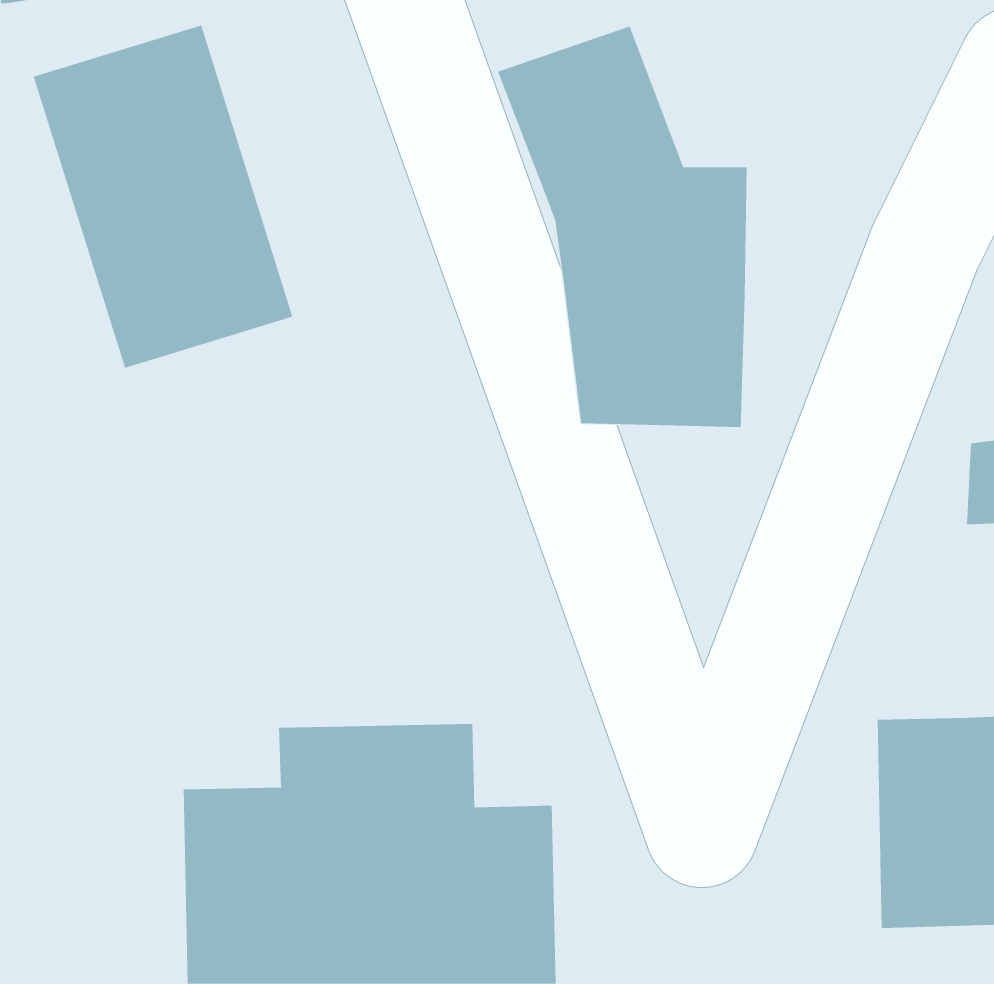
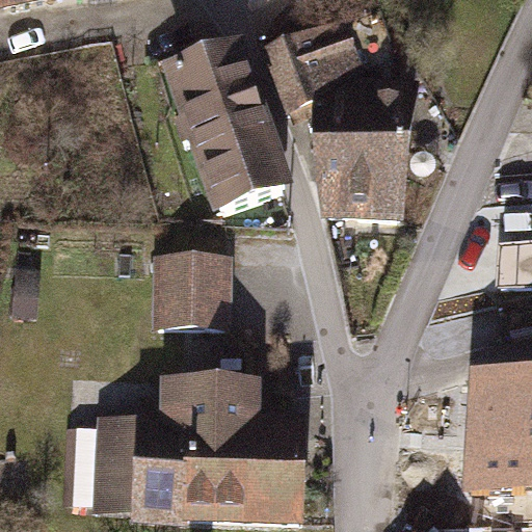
building: [33,25,293,369] -> [140,33,276,213]
building: none -> [159,250,240,329]

